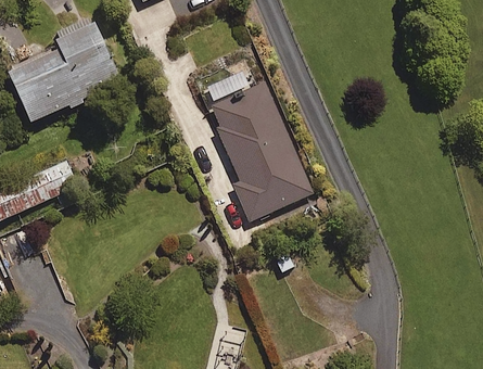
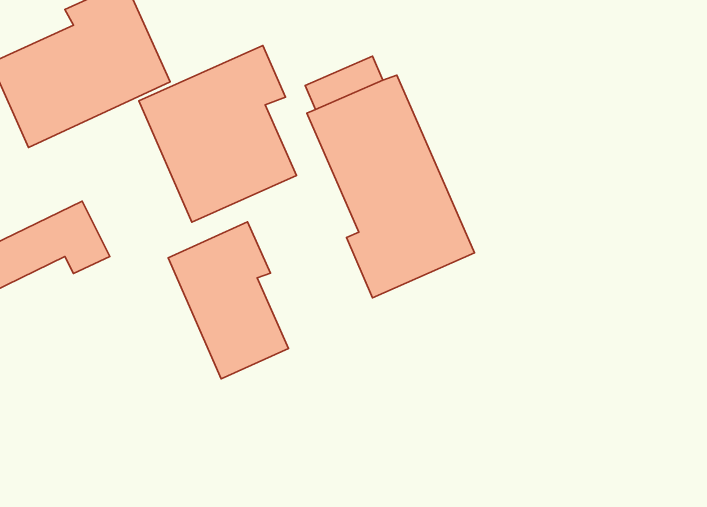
building: none -> [139,46,297,222]
building: none -> [168,222,288,379]

